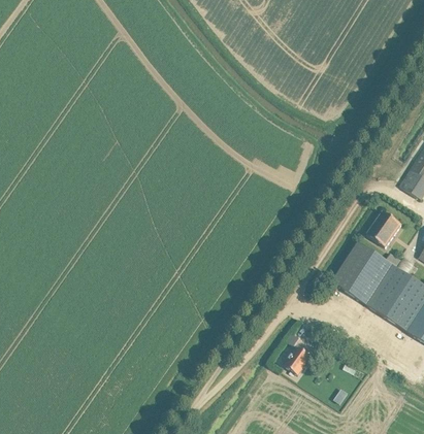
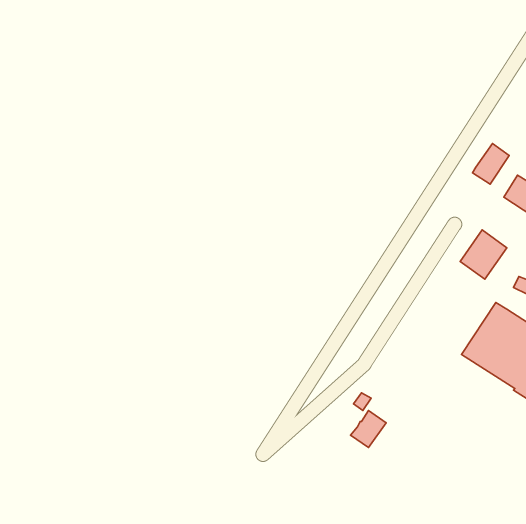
building: none -> [472,144,509,184]
building: [331,242,392,304] -> none

